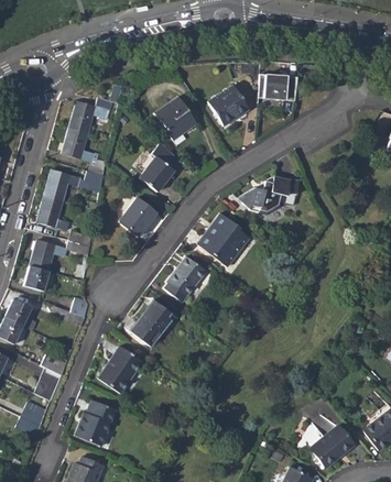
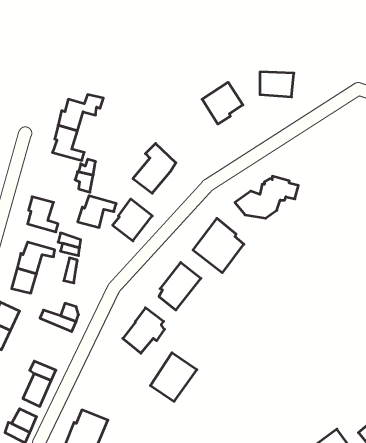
building: [154,97,196,141] -> none
building: [43,171,80,201] -> [78,196,116,227]
building: [98,349,143,396] -> [150,353,197,401]

